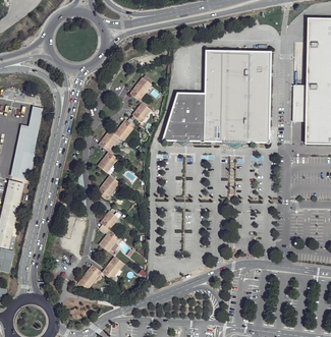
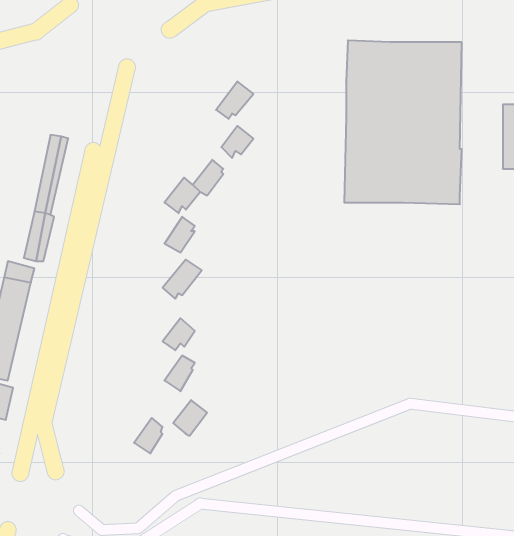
building: [162,94,204,144] -> none

